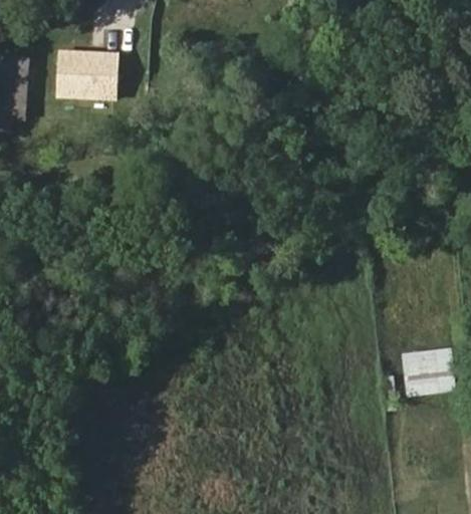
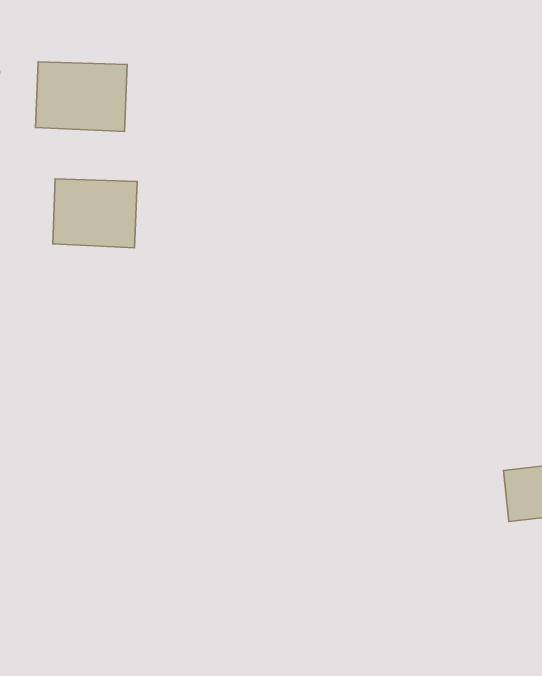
building: none -> [53,179,137,248]

